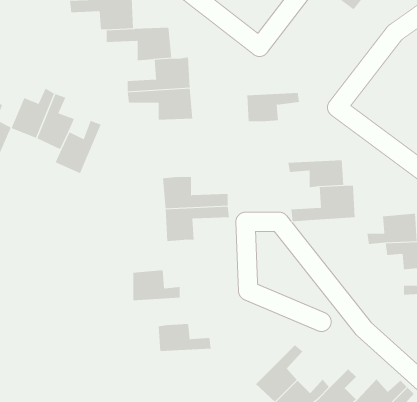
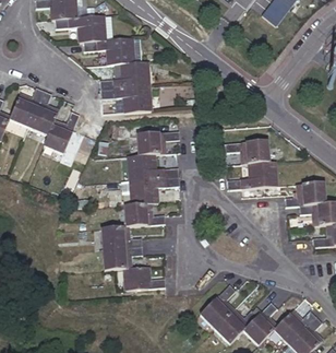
building: [246,92,300,122] -> [137,131,179,154]
building: none -> [125,203,164,226]
building: none -> [104,248,142,271]

